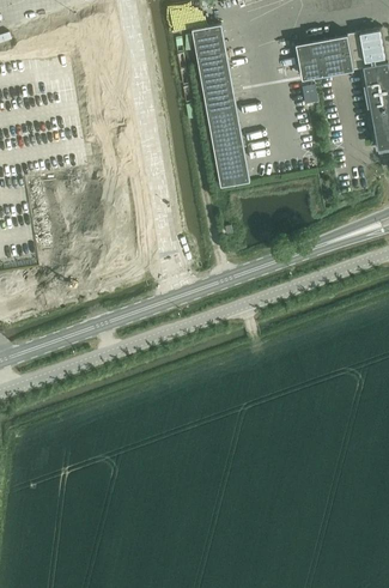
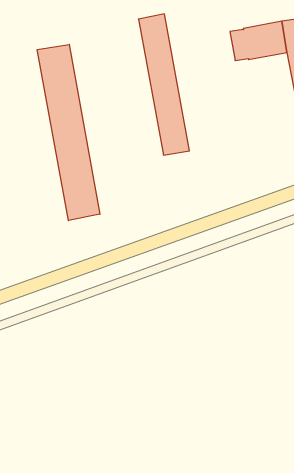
building: none -> [37,44,100,221]

